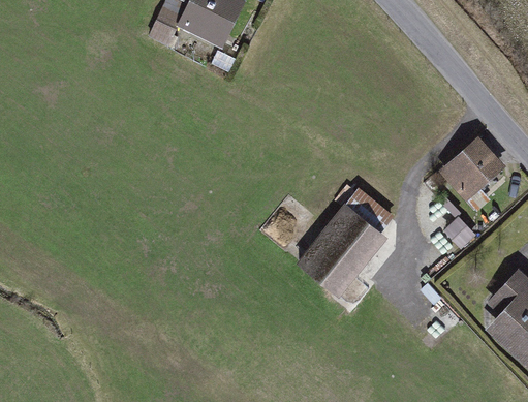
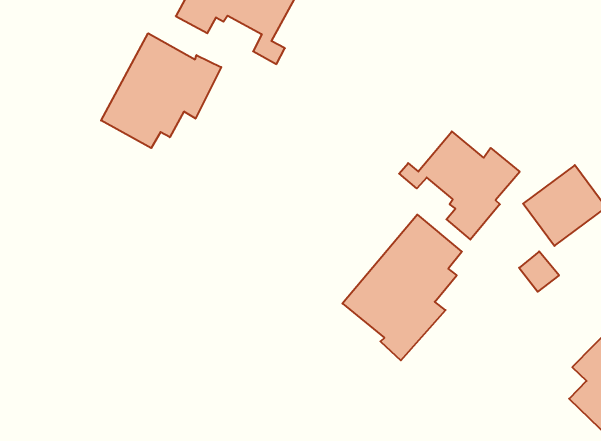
building: none -> [101,33,221,148]
building: none -> [399,131,520,240]

